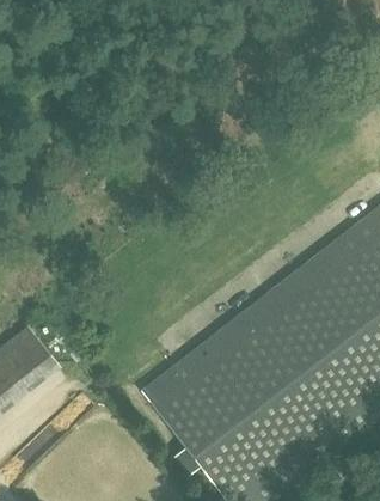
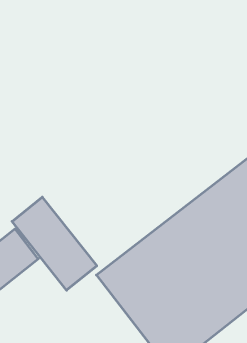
building: none -> [12,197,97,290]

